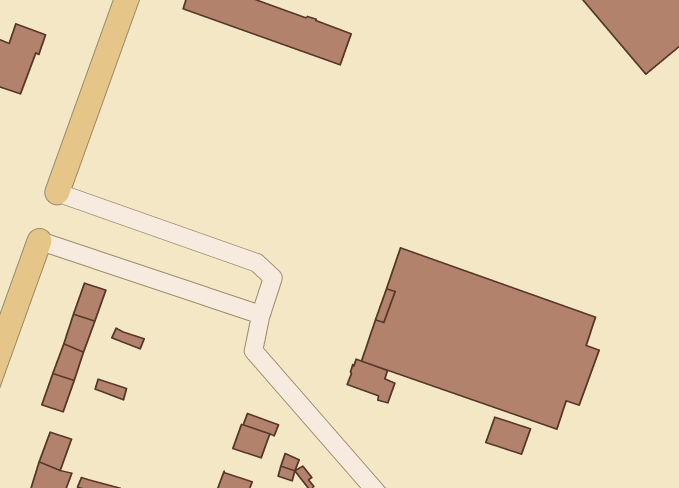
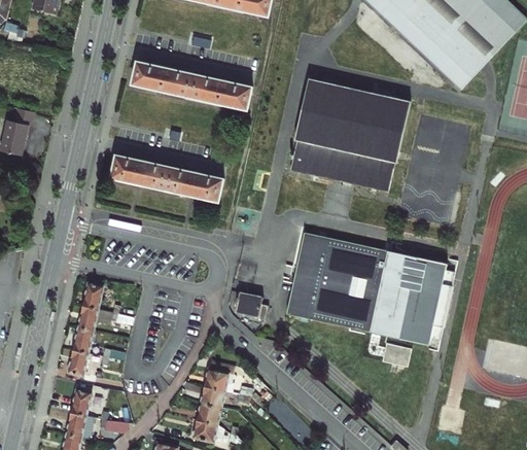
building: none -> [289,78,410,192]
building: none -> [111,154,222,201]
building: [347,359,395,403] -> [235,292,268,320]
building: none -> [200,386,224,408]

